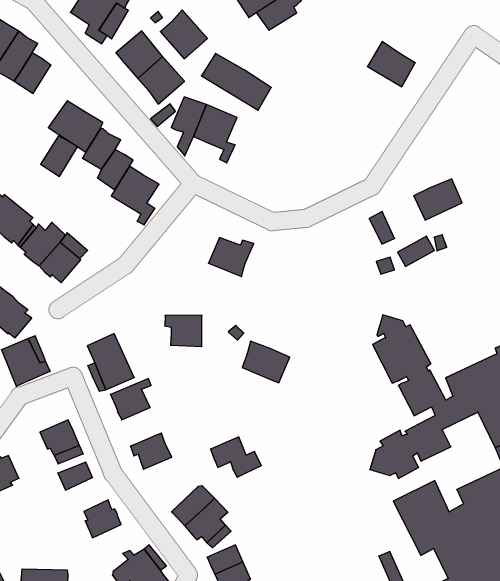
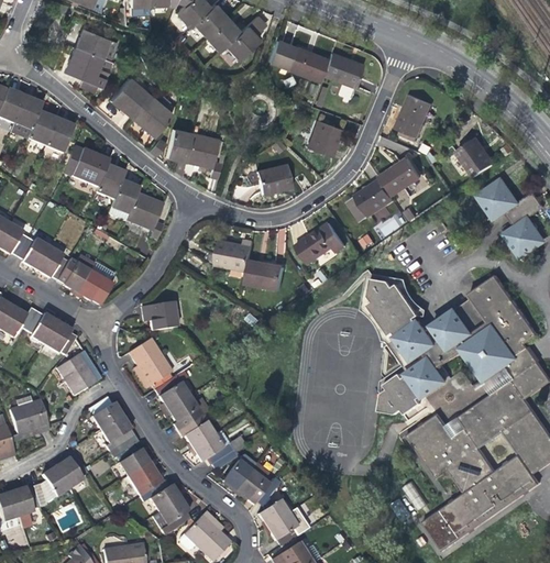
building: [160,10,207,59] -> none
building: [201,53,271,110] -> [267,40,328,81]
building: none -> [395,92,431,136]
building: none -> [305,120,340,156]
building: [41,136,78,177] -> [45,119,74,153]
building: none -> [254,163,289,192]
building: none -> [355,178,395,216]
building: none -> [296,221,345,263]
building: [165,315,202,347] -> [140,299,175,329]
building: [242,341,290,383] -> [244,258,283,289]
building: none -> [88,396,121,429]
building: none -> [166,393,208,428]
building: [210,437,261,477] -> [191,431,237,465]
building: none -> [129,460,166,489]
building: none -> [158,495,191,528]

